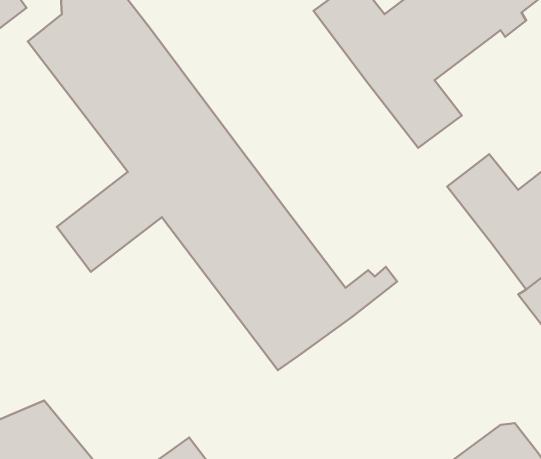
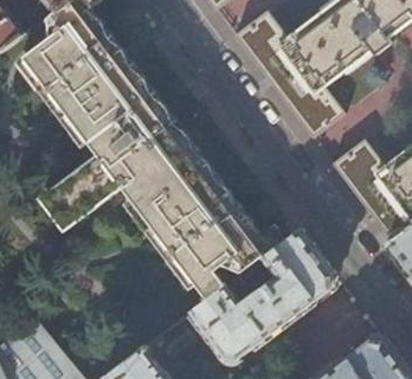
building: none -> [192,232,334,359]

